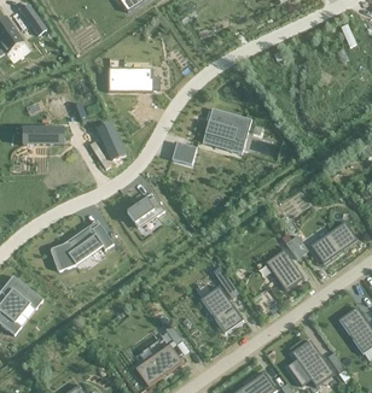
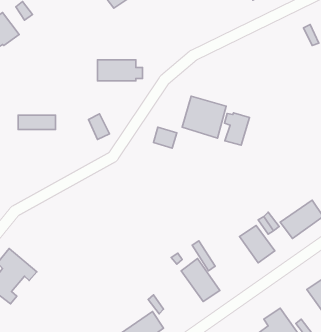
building: none -> [224,113,249,145]
building: [127,194,163,227] -> none
building: [50,222,112,270] -> none

